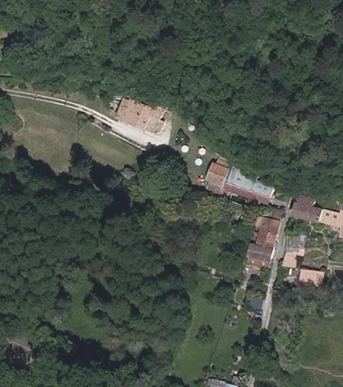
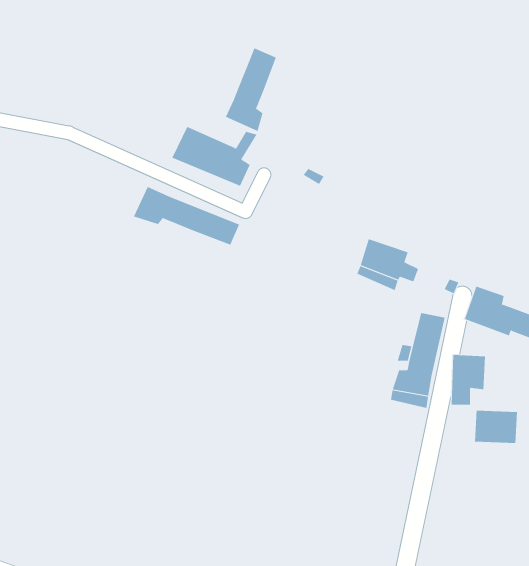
building: none -> [225,48,277,132]
building: none -> [133,186,240,246]
building: [206,156,232,195] -> none

